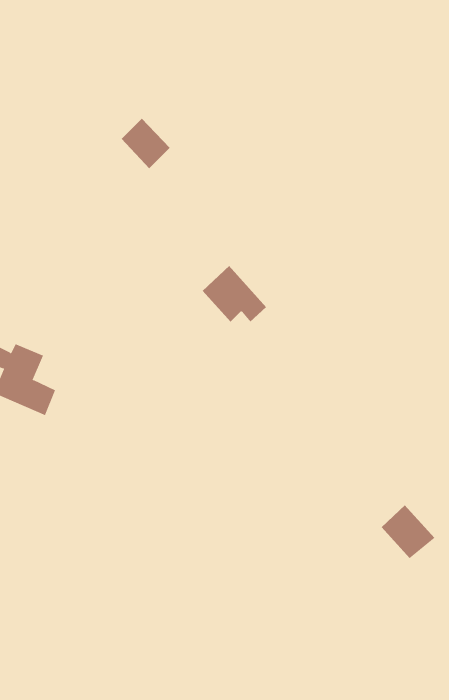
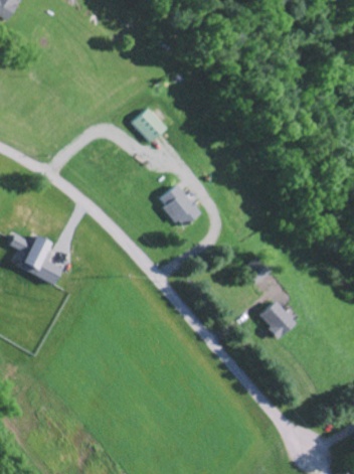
building: [121,118,170,169] -> [135,108,168,142]
building: [381,505,435,559] -> [258,301,295,337]

